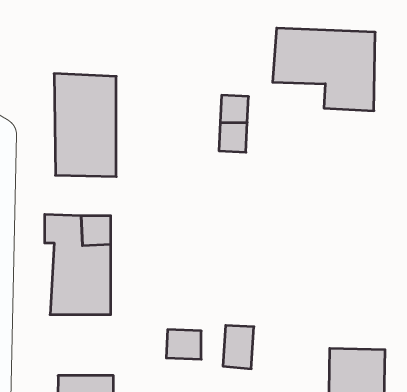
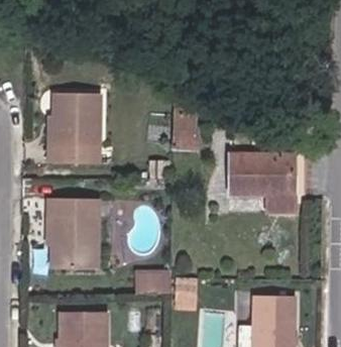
building: [273,28,375,111] -> [235,152,312,214]

